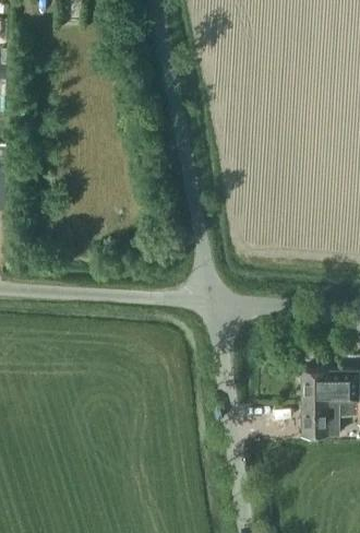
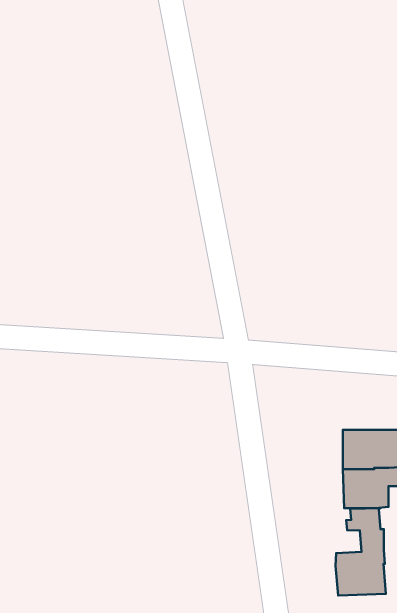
building: none -> [336,508,386,595]

